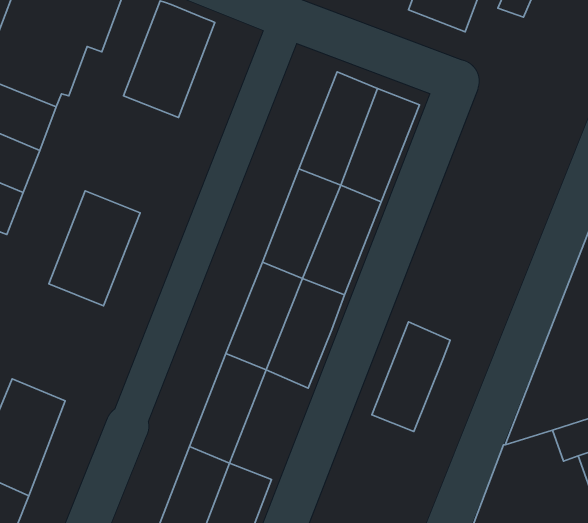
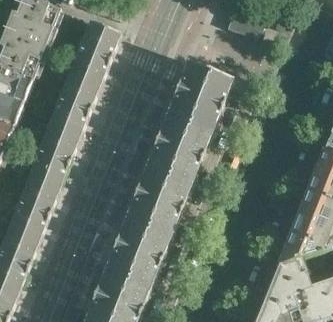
building: none -> [49,74,100,138]
building: none -> [9,177,59,241]
building: [372,322,450,431] -> [128,224,171,284]

